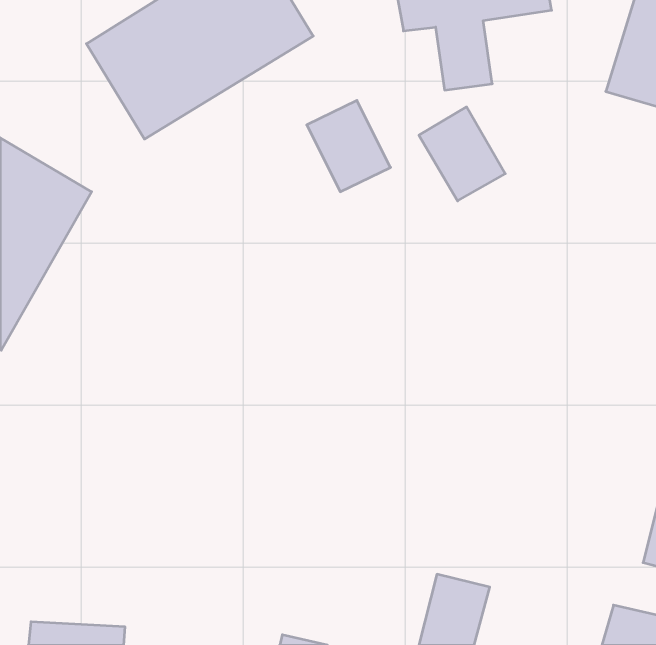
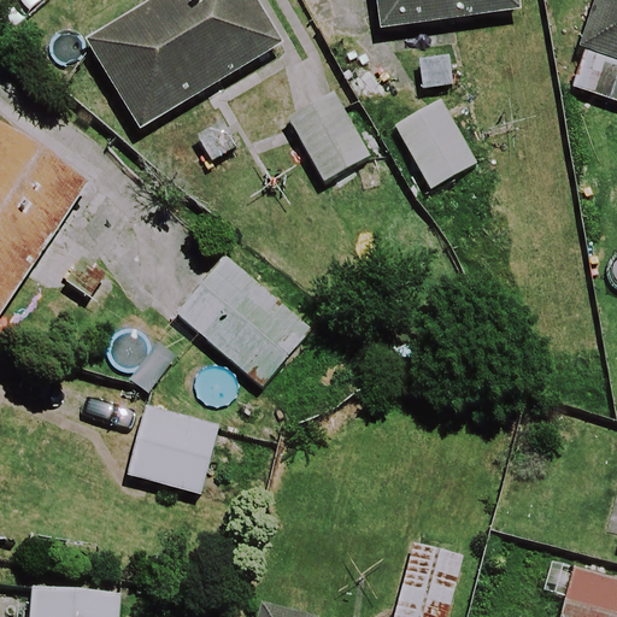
building: none -> [176,254,310,386]
building: none -> [127,404,217,492]

